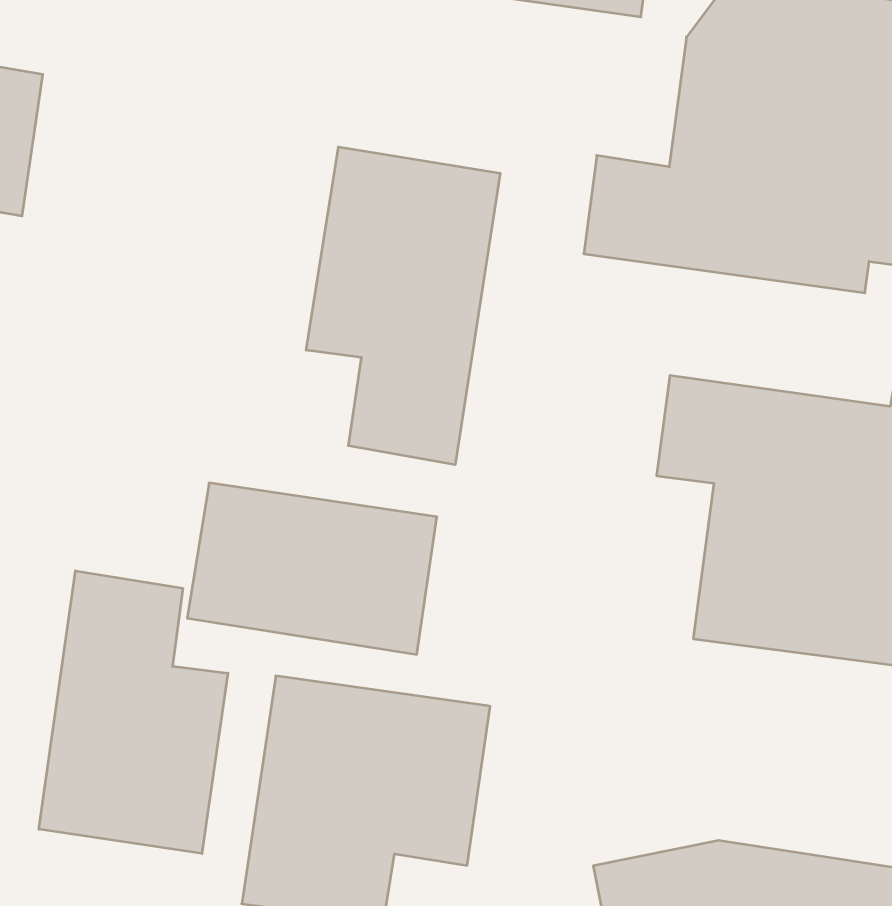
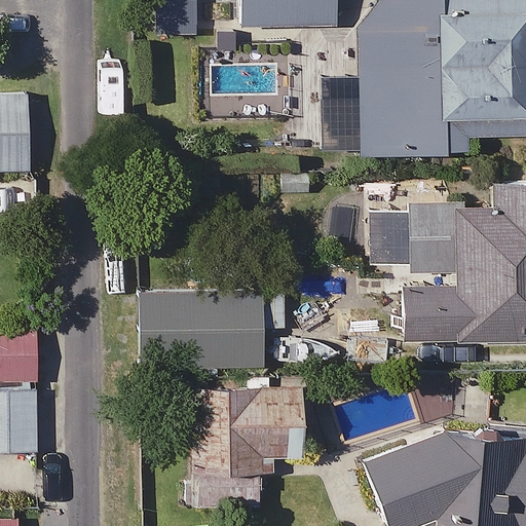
building: [306,147,500,465] -> none
building: [39,571,228,854] -> none

